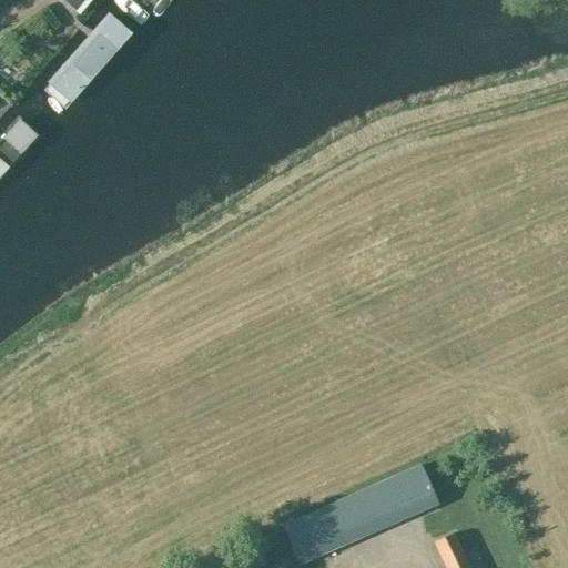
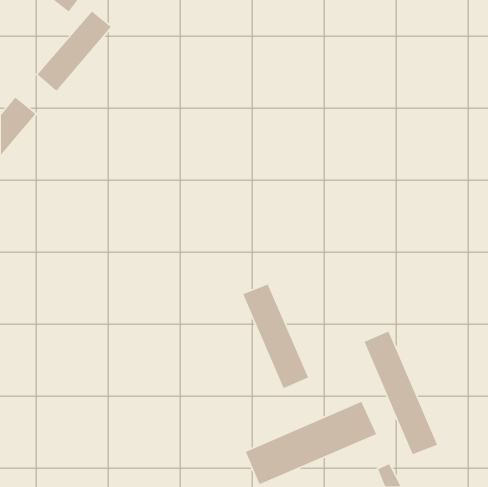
building: none -> [242,284,309,389]
building: none -> [364,330,438,455]

